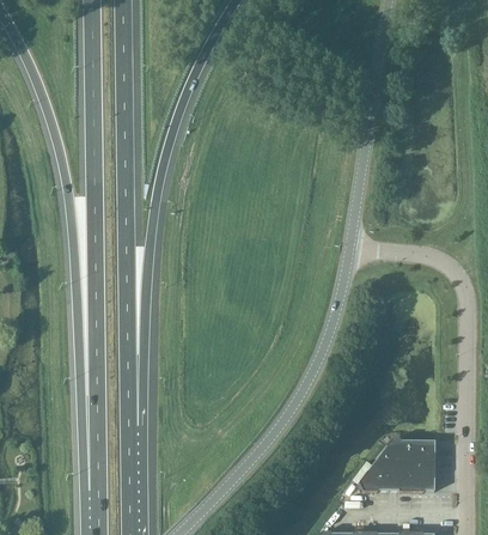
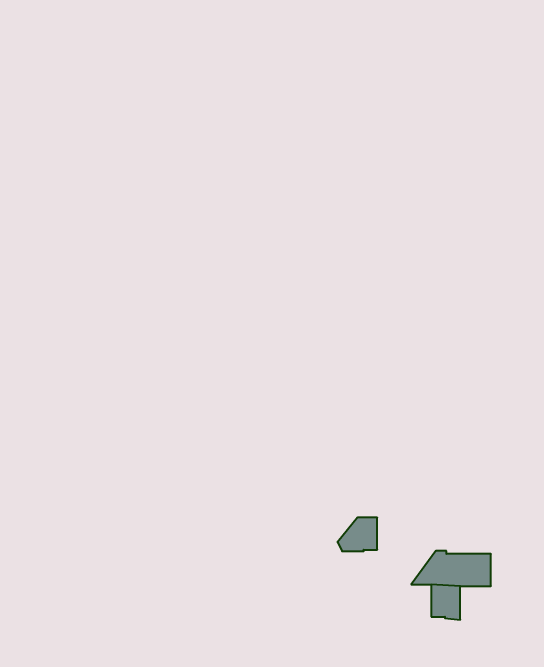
building: [358,463,389,490] -> [337,518,377,551]
building: [411,464,435,491] -> none

